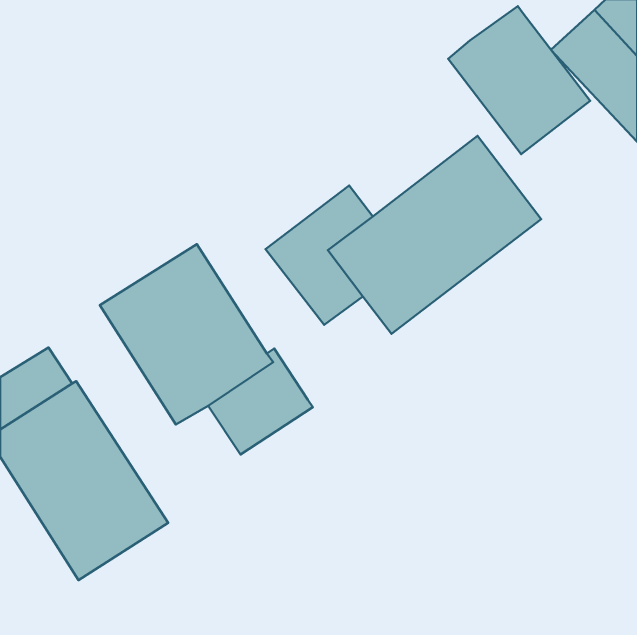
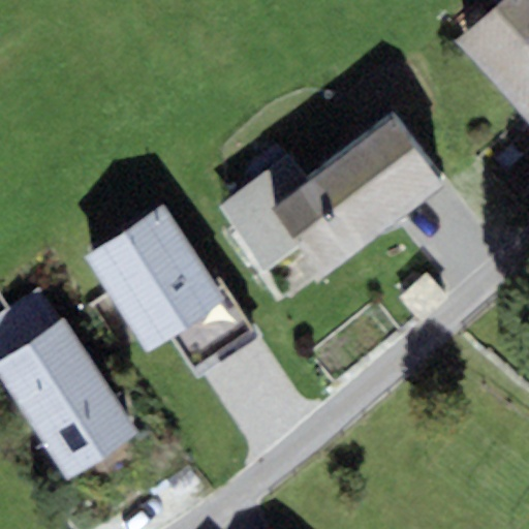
building: [448,6,590,154] -> none

